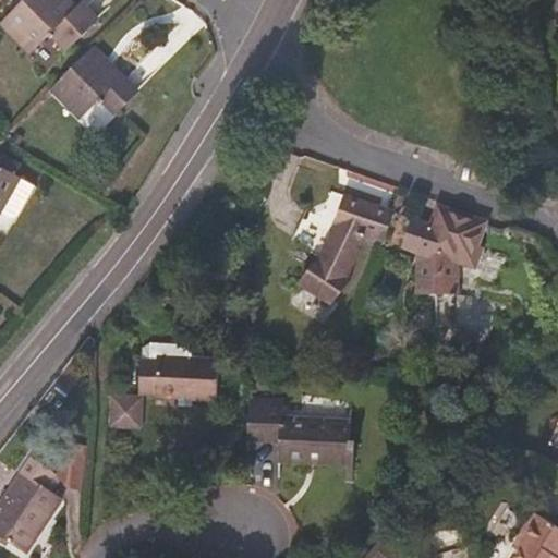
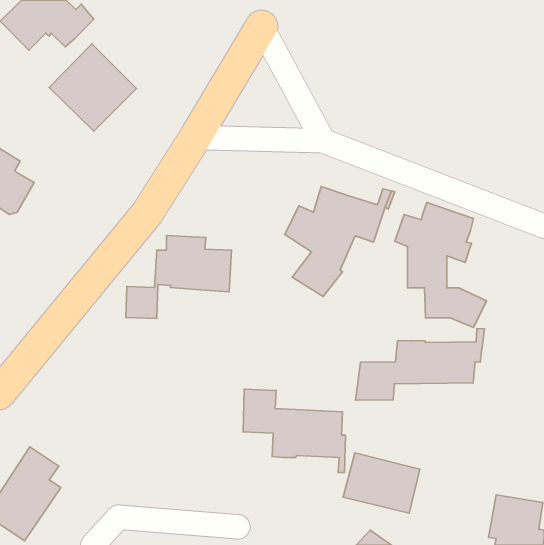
building: none -> [356,329,484,400]
building: [109,343,217,428] -> [126,235,231,319]
building: none -> [343,453,420,513]

